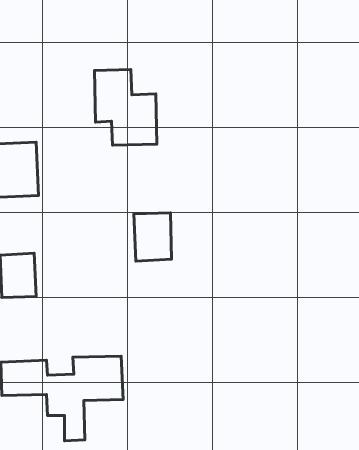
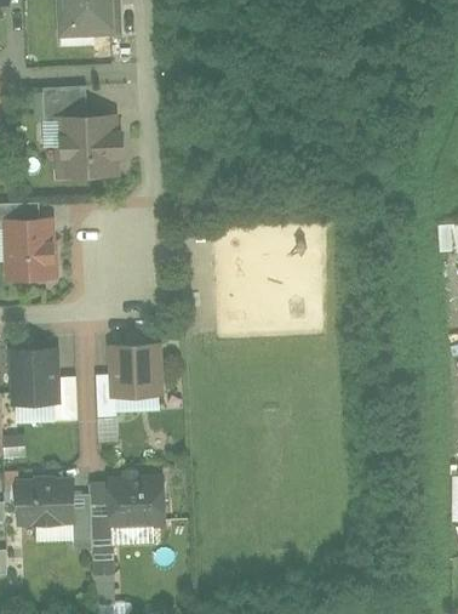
building: [94,70,157,145] -> [41,86,116,177]
building: [134,213,171,261] -> [113,345,158,403]

